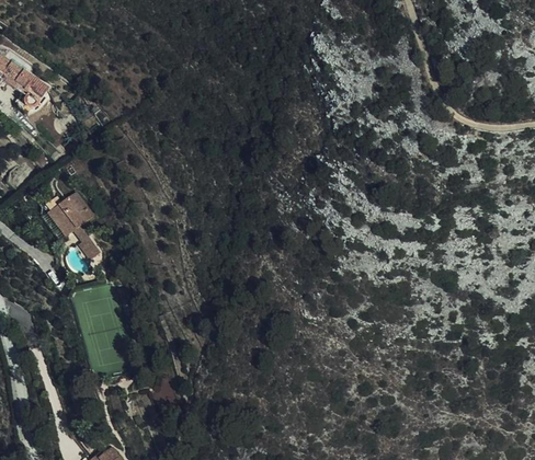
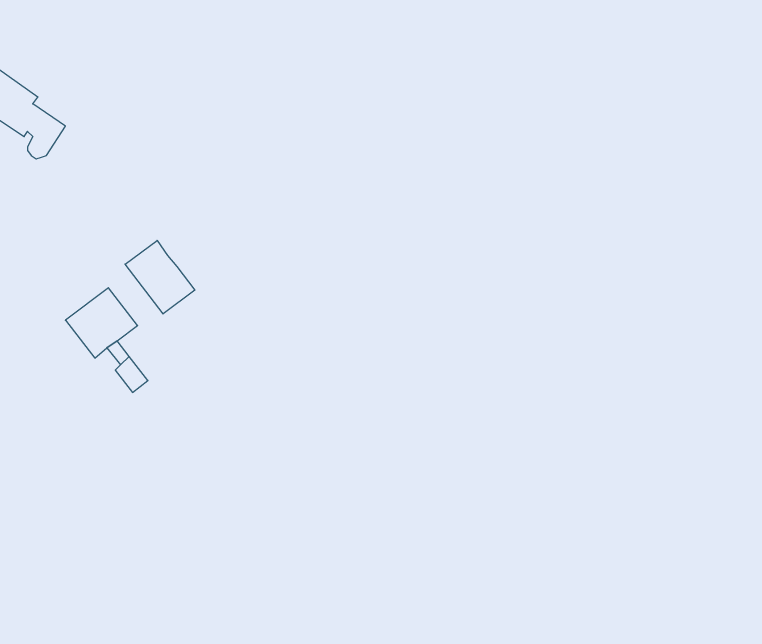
building: none -> [125,240,195,314]

